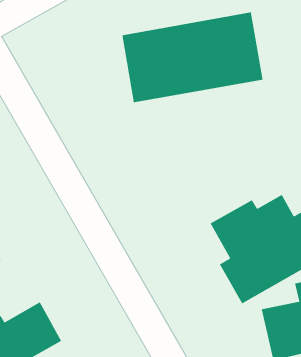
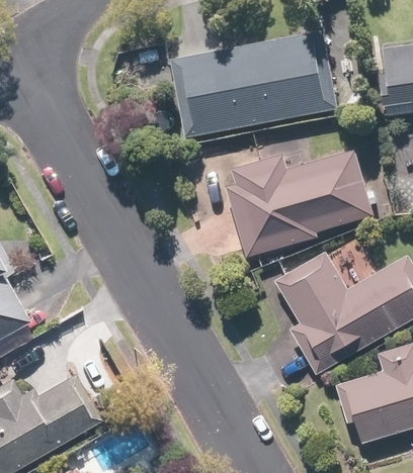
building: none -> [225,152,376,258]

